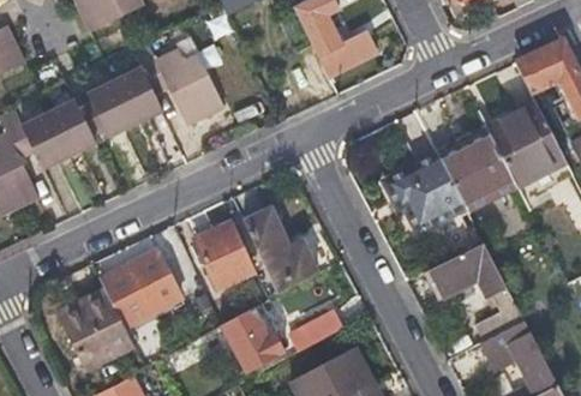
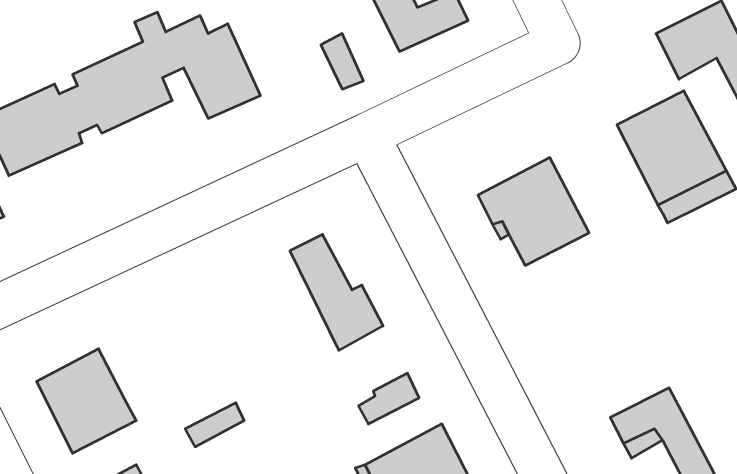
building: [437,130,514,209] -> none
building: [194,221,256,288] -> none
building: [425,242,525,343] -> none
building: [98,253,179,331] -> none
building: [222,308,283,372] -> none

